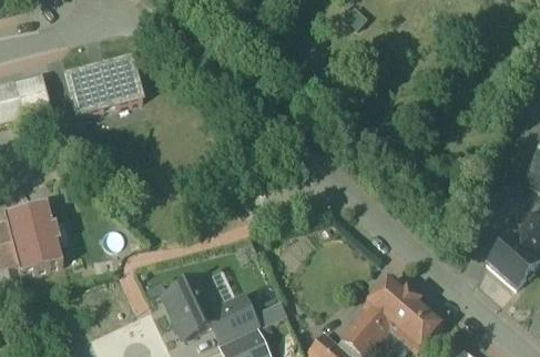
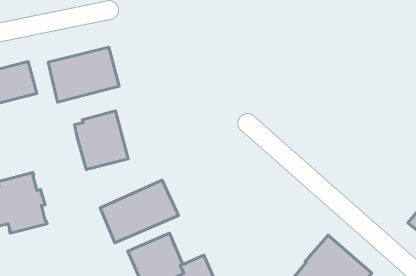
building: none -> [75,111,128,170]
building: none -> [100,180,178,243]

